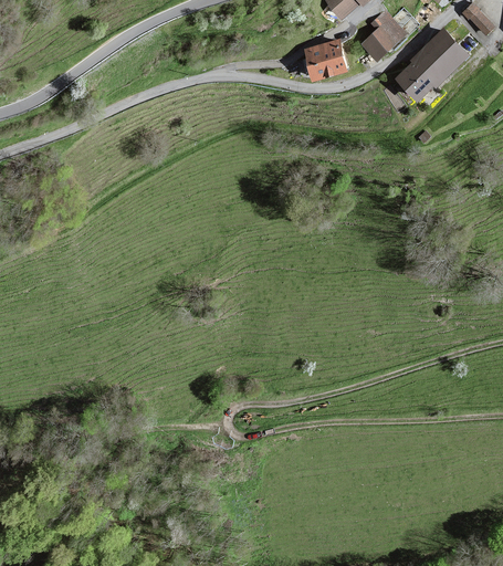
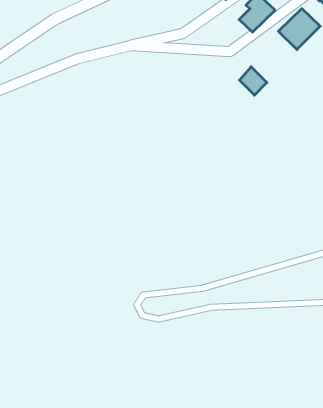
building: [307,40,347,76] -> none
building: [398,61,434,98] -> [239,67,267,95]

